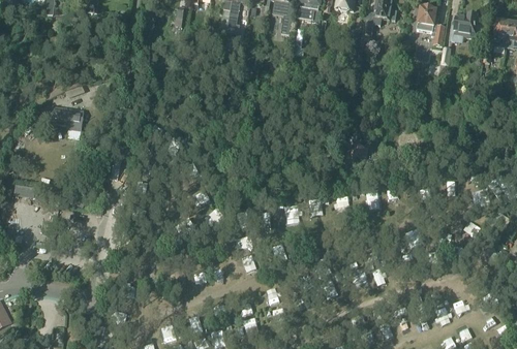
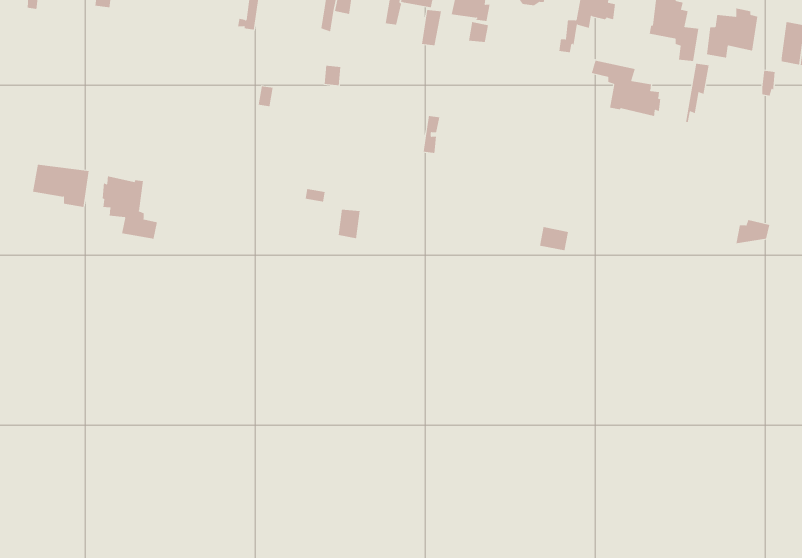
building: none -> [591,60,661,117]
building: none -> [102,175,157,240]

